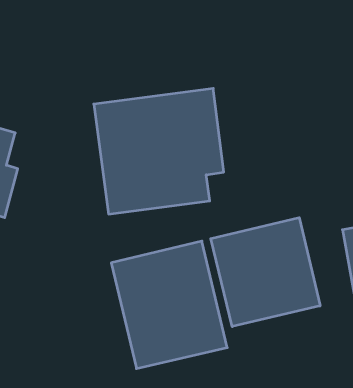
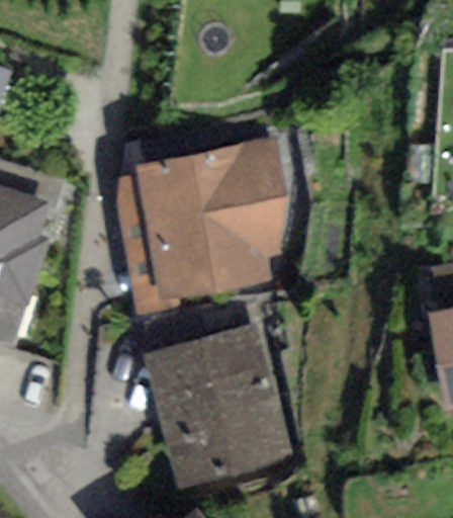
building: [211,218,320,327] -> none

